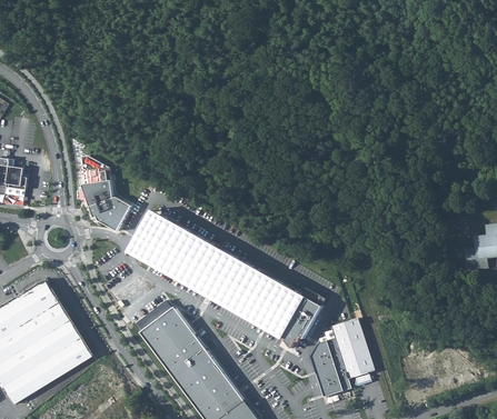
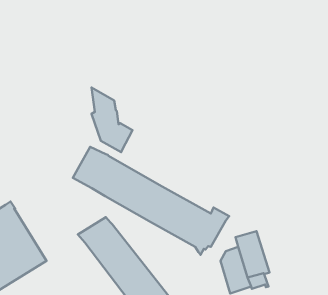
building: [81,150,133,232] -> [91,87,132,152]

